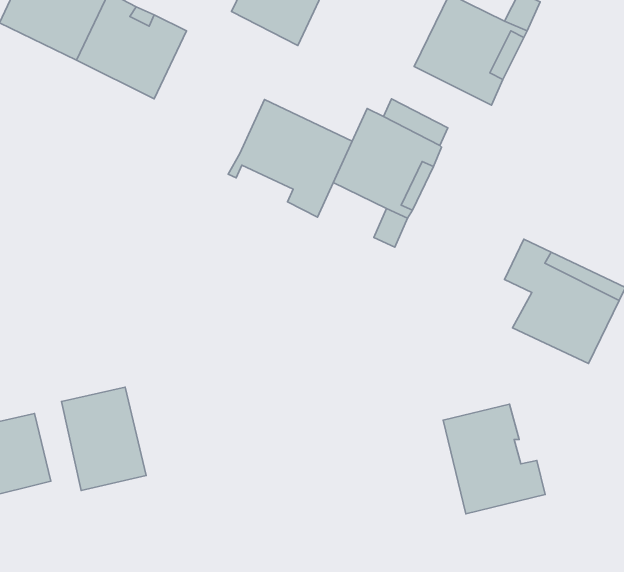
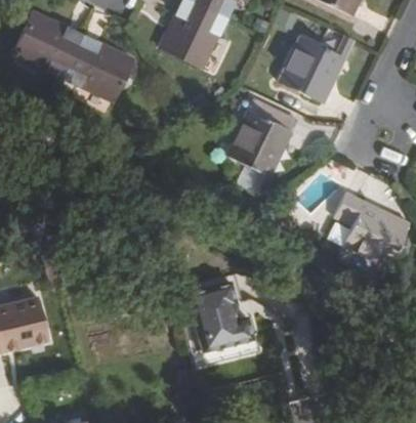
building: [228,99,352,217] -> none
building: [61,387,146,491] -> none
building: [443,404,545,514] -> [185,284,250,353]

